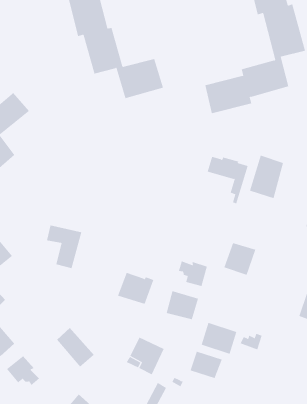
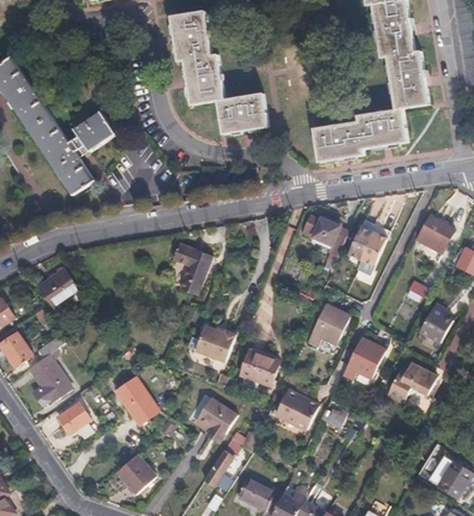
building: [46,225,82,269] -> [170,244,211,295]
building: [178,261,208,287] -> none
building: none -> [346,338,385,378]
building: [190,351,222,379] -> none

